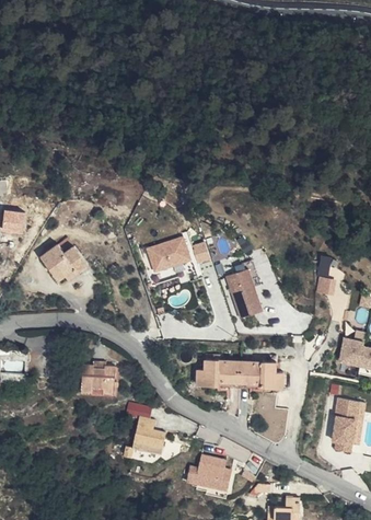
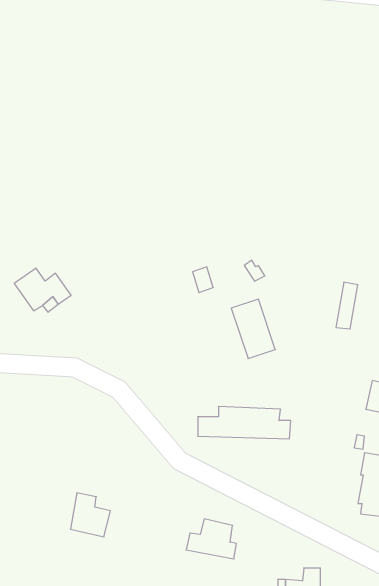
building: [146,236,190,274] -> none
building: [81,365,117,394] -> none
building: [132,417,166,454] -> [70,493,110,537]

